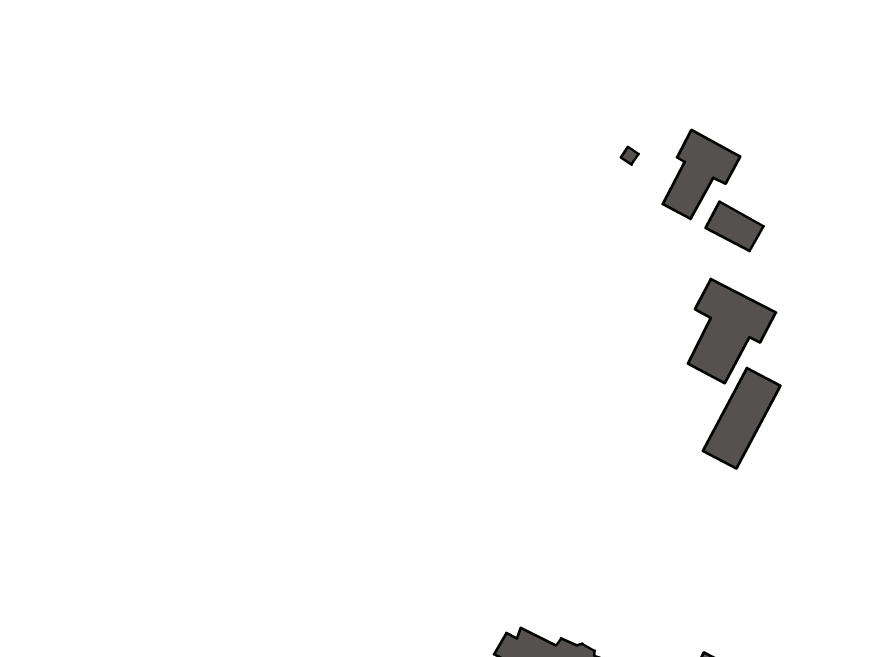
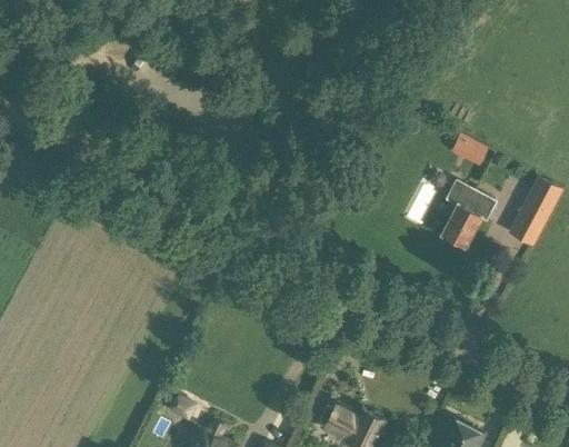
building: [663,130,740,219] -> none
building: [703,368,780,468] -> [510,180,559,244]

